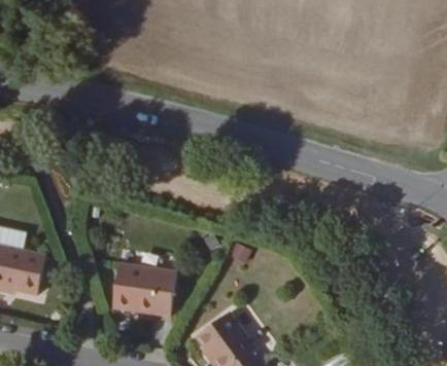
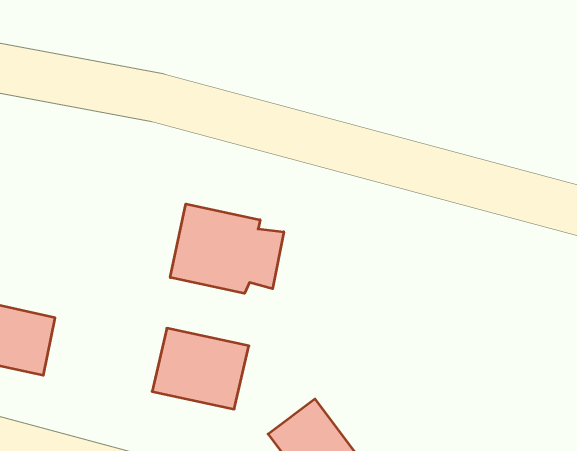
building: none -> [170,204,284,293]

